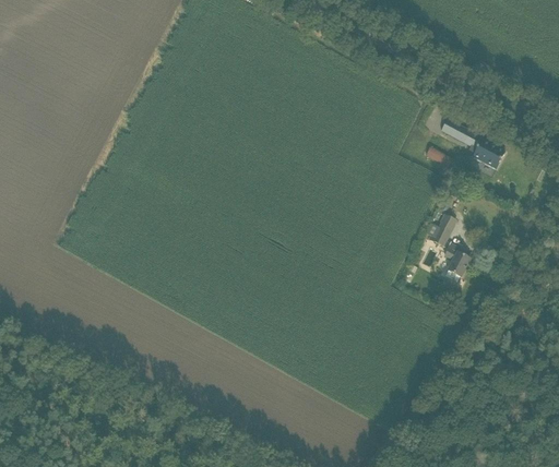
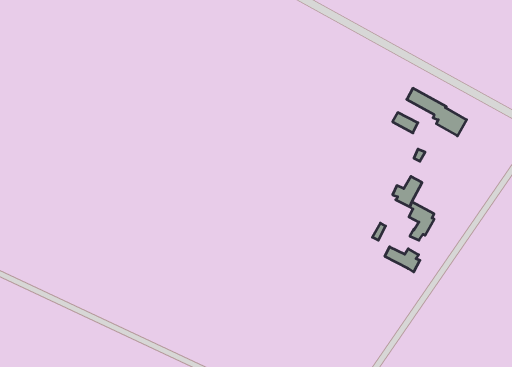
building: none -> [385,247,420,272]

